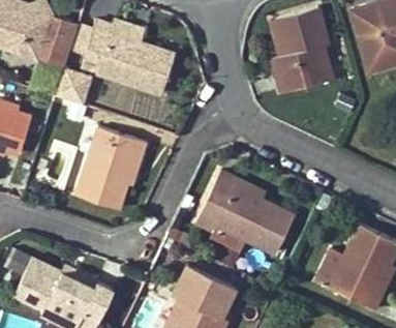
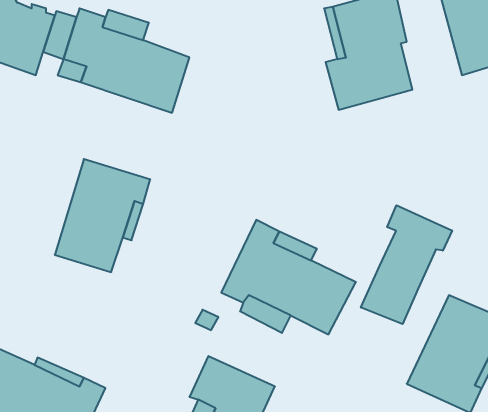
building: [55,66,92,103] -> none
building: none -> [361,205,452,324]

